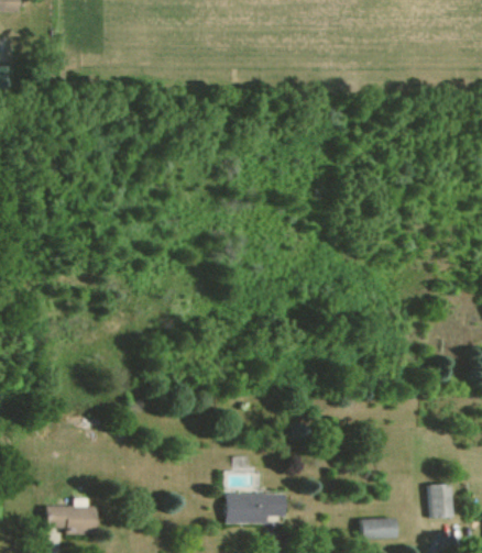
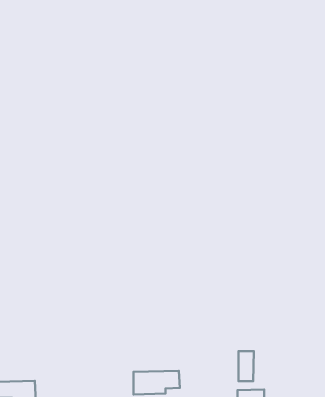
building: none -> [238,351,254,381]
building: [430,484,453,517] -> none

